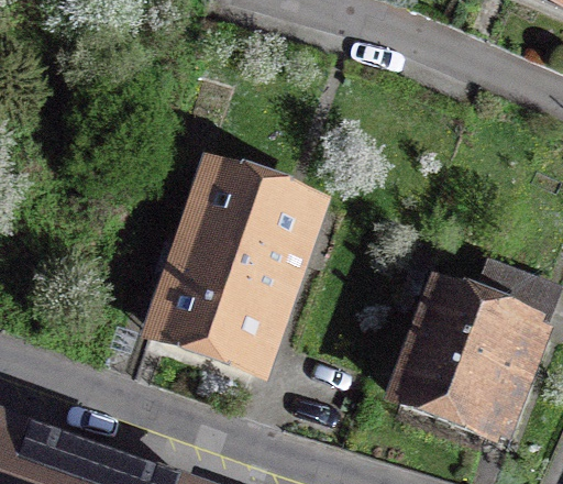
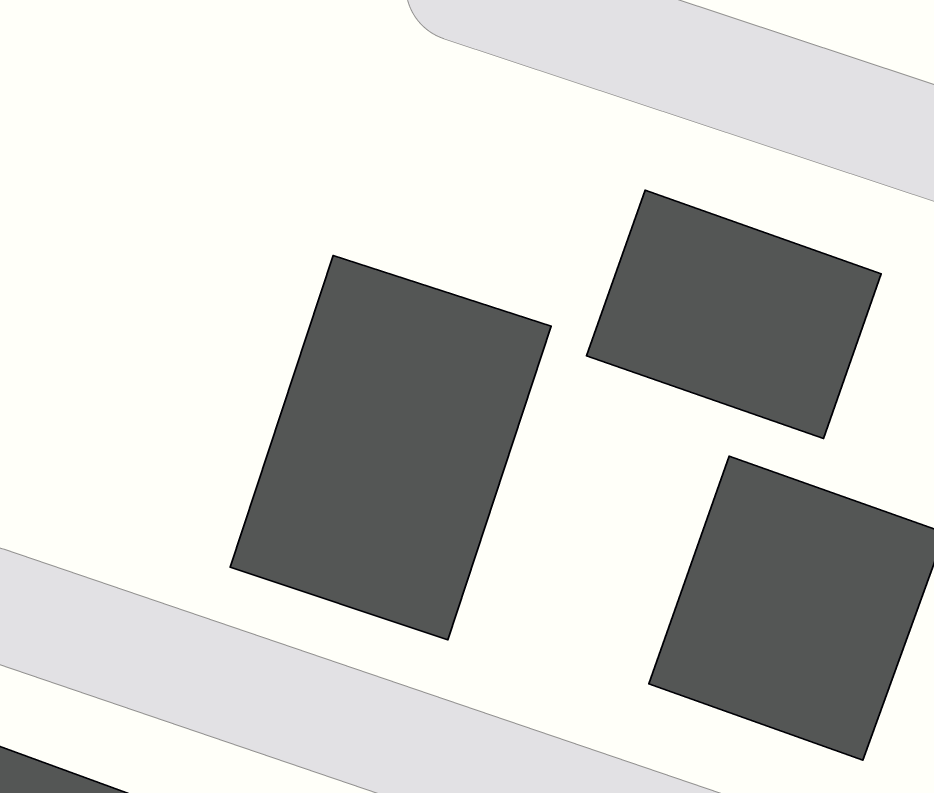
building: none -> [586,190,881,438]

